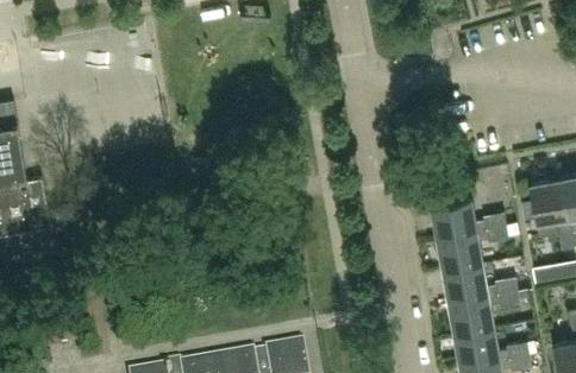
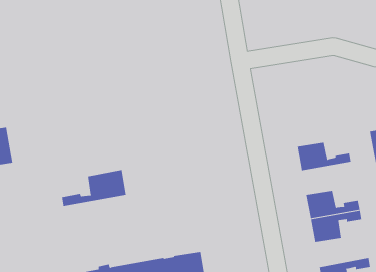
building: [438,223,508,267] -> none
building: none -> [61,170,126,207]
building: [456,325,530,365] -> none

